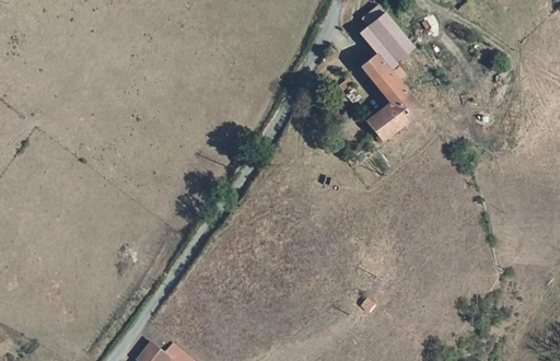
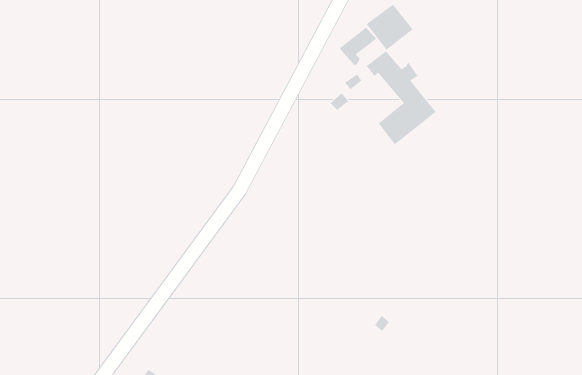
building: [374,32,409,68] -> [339,27,377,66]

